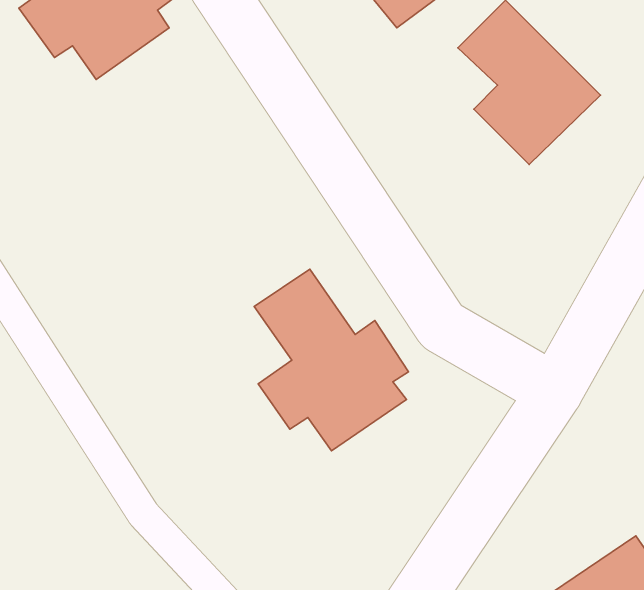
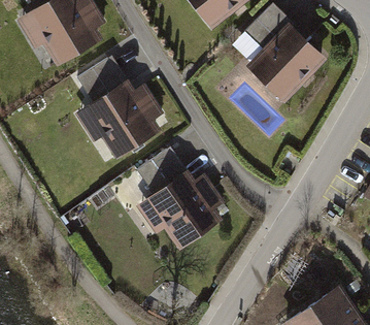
building: none -> [72,57,153,147]

